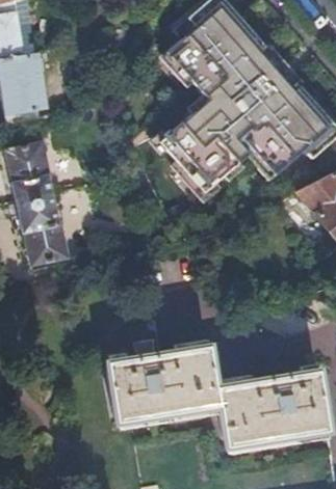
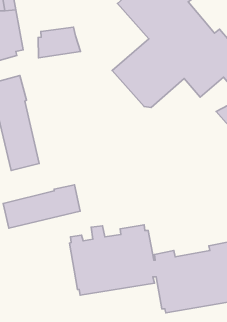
building: none -> [38,27,80,58]
building: none -> [3,185,80,228]

